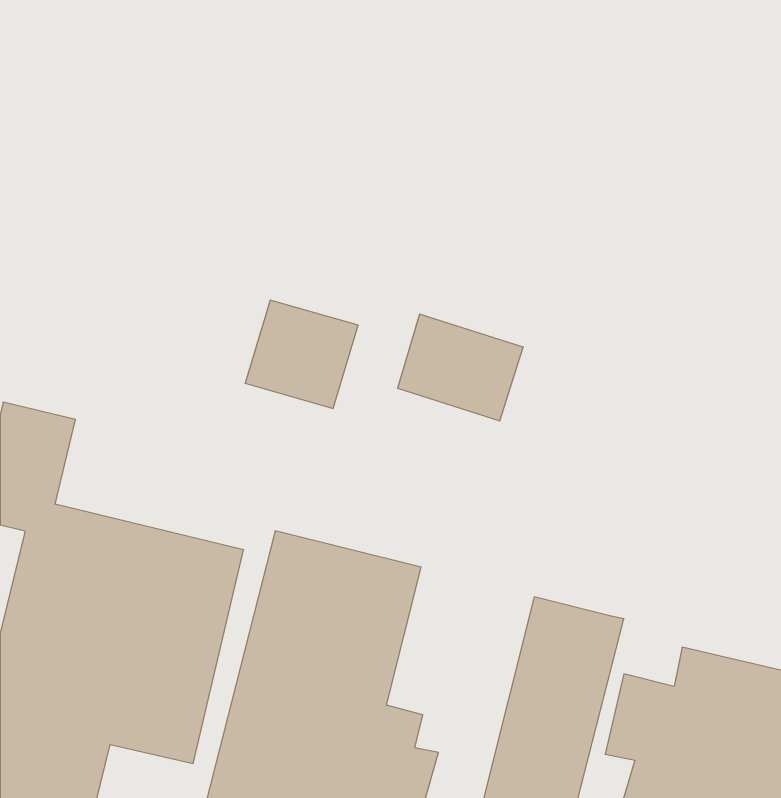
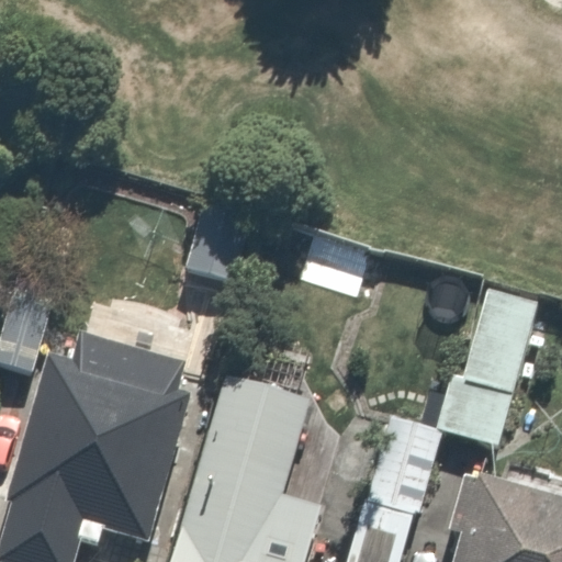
building: none -> [441,288,554,452]

